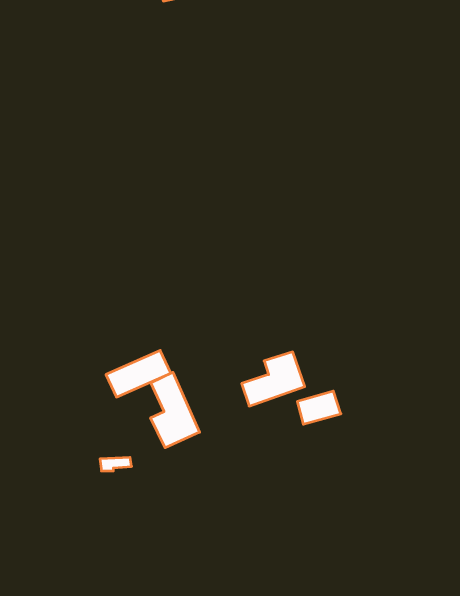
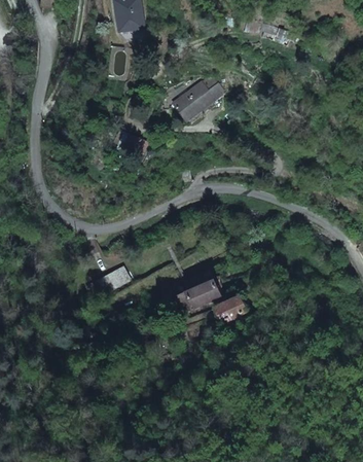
building: none -> [174,76,226,119]
building: [151,372,200,448] -> none

